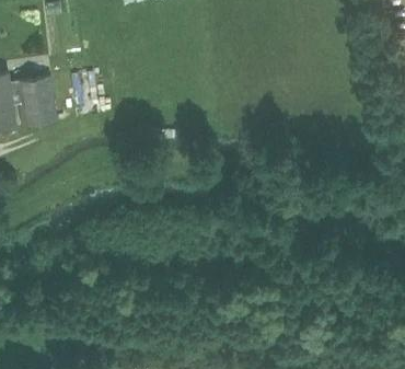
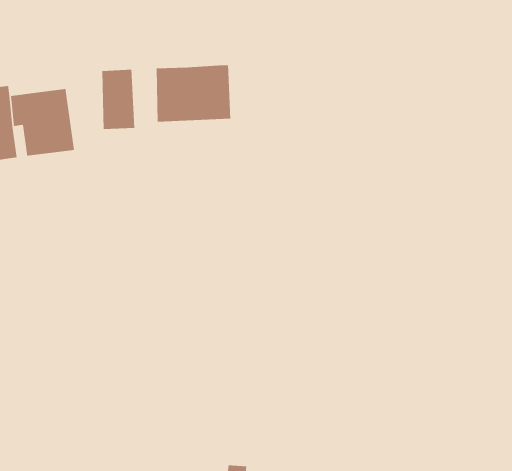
building: none -> [156,65,231,122]

